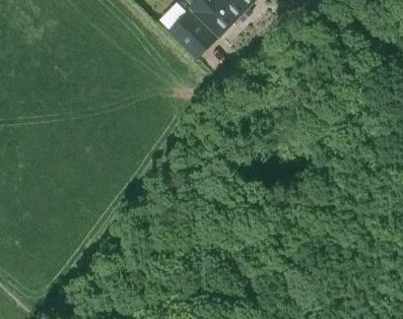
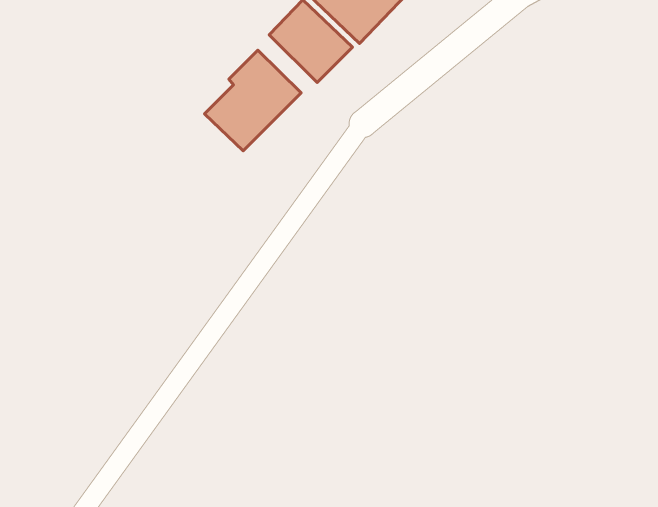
building: none -> [205,50,301,151]

